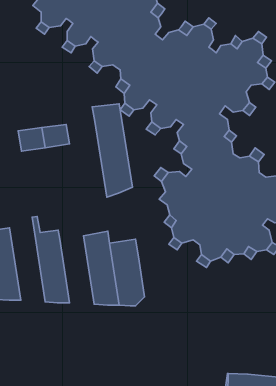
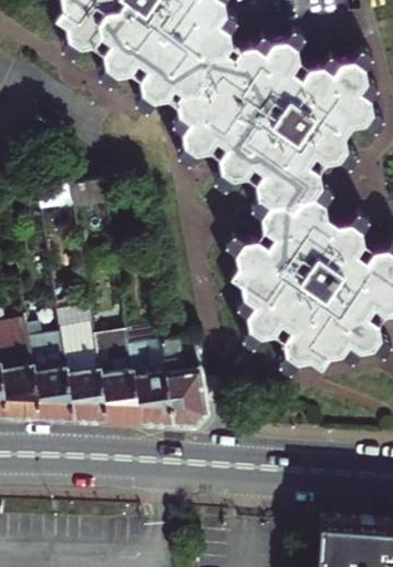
building: [92,104,132,197] -> none
building: none -> [22,303,73,420]
building: none -> [93,330,139,423]

